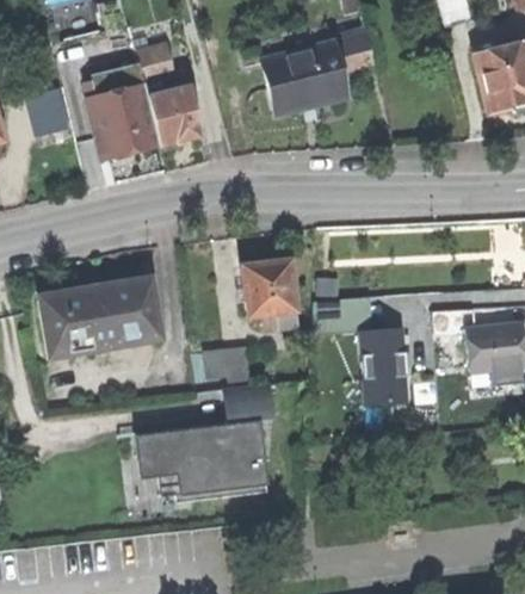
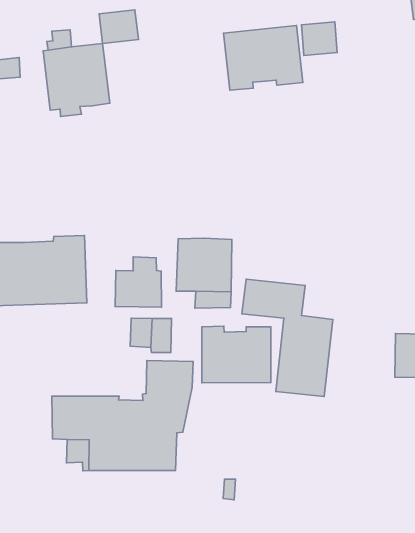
building: [144,83,200,141] -> none
building: none -> [115,257,161,307]
building: none -> [202,326,271,383]

